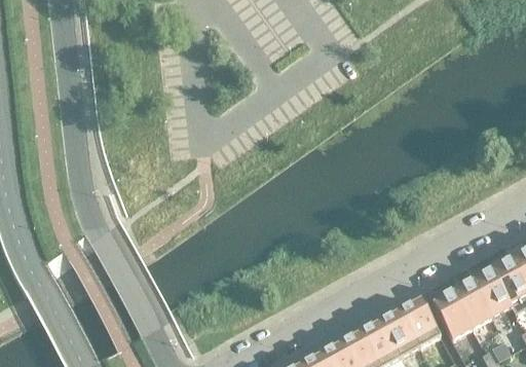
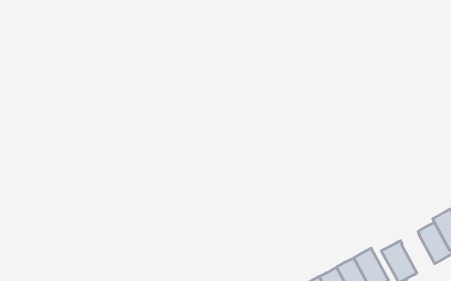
building: [452,280,490,326] -> none

